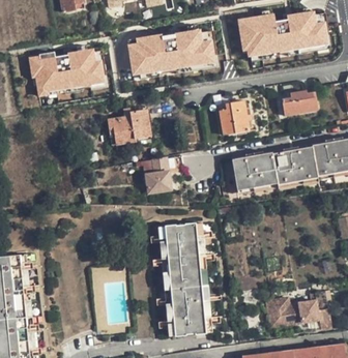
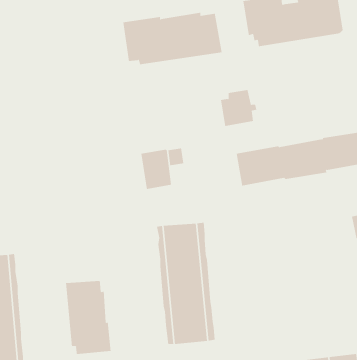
building: [29,49,109,95] -> none
building: [282,90,318,115] -> none
building: [108,108,152,144] -> none
building: none -> [66,280,111,355]
building: [265,290,330,328] -> none

